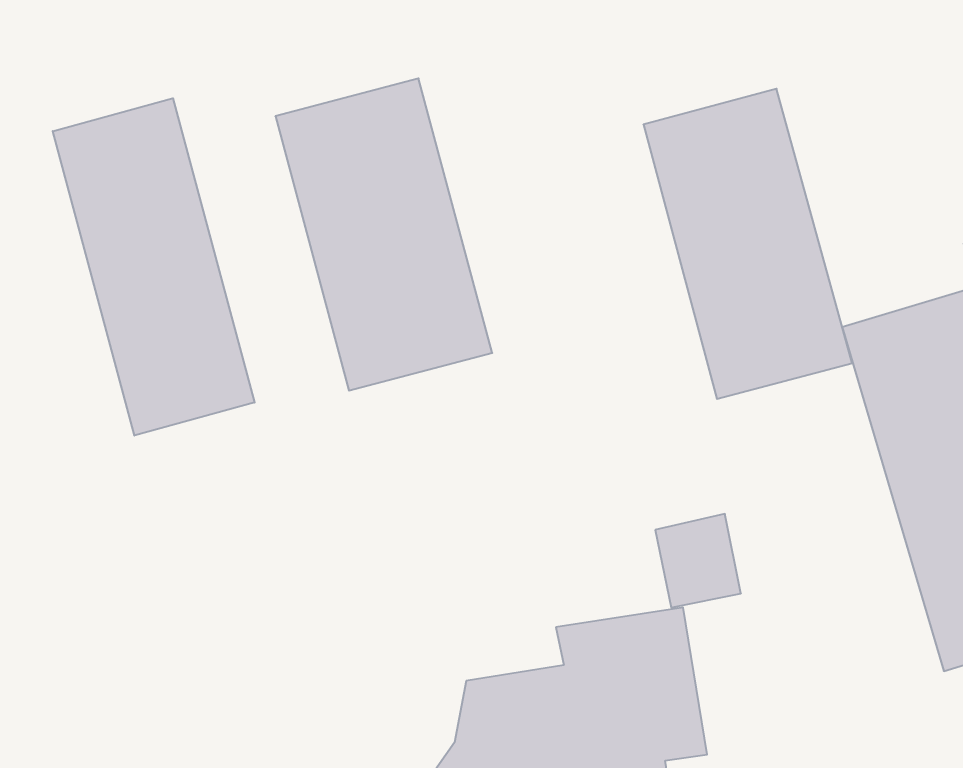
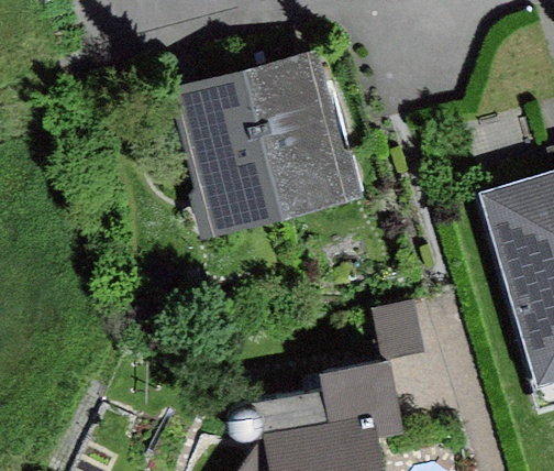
building: [643,89,852,399] -> [247,44,363,216]
building: [53,98,255,436] -> none

